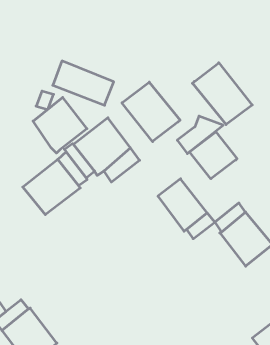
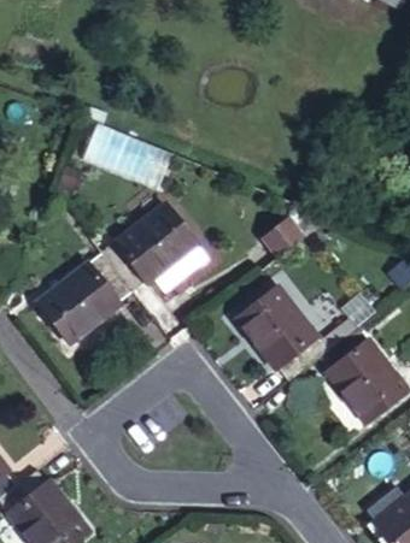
building: [192,63,252,125] -> none
building: [122,82,180,142] -> none
building: [33,97,87,153] -> none
building: [190,132,237,179] -> none

